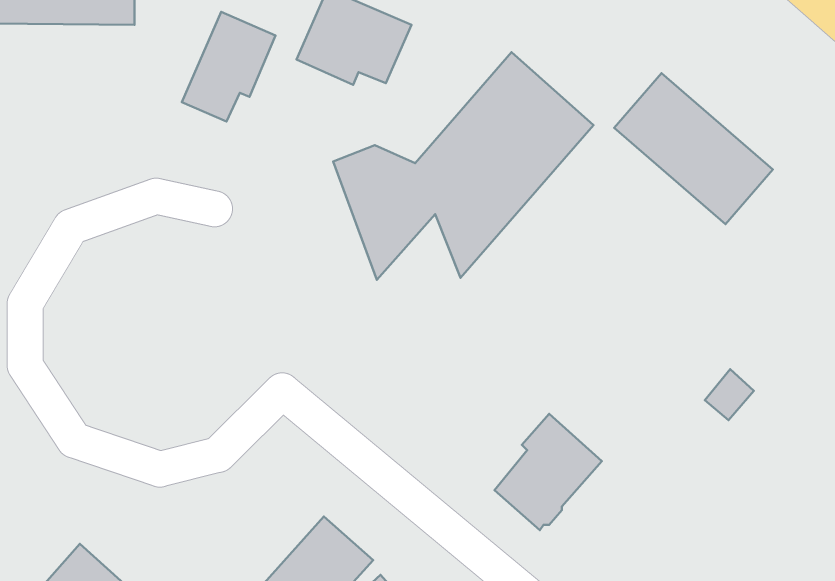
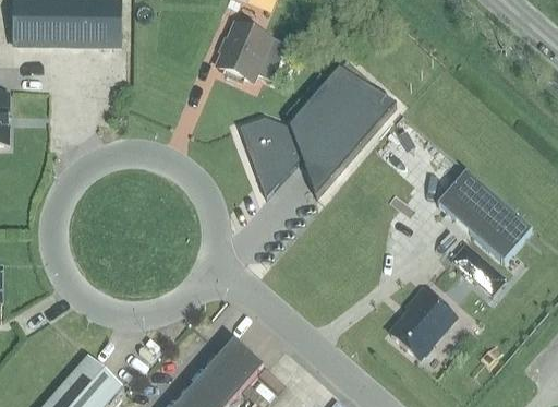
building: [182,12,275,121] -> none
building: [614,73,773,224] -> [436,170,531,261]
building: [494,414,602,530] -> [390,288,454,358]

